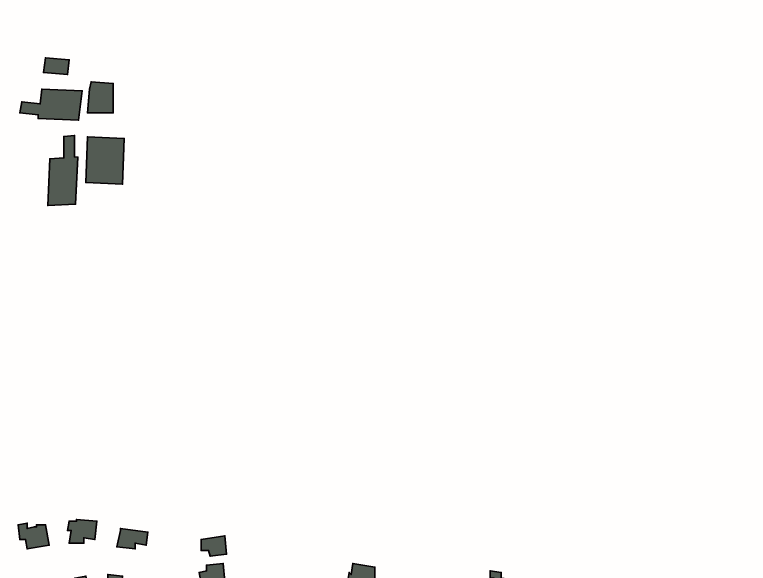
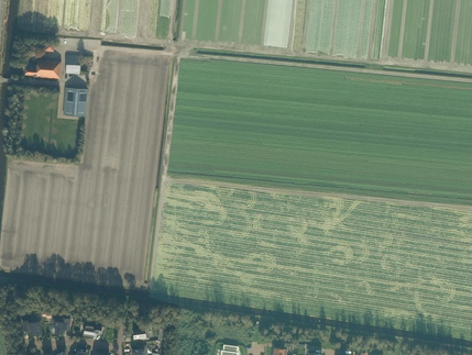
building: [48,135,78,206] -> none

